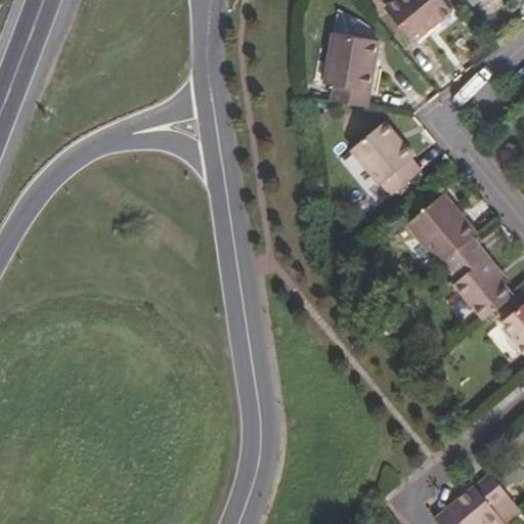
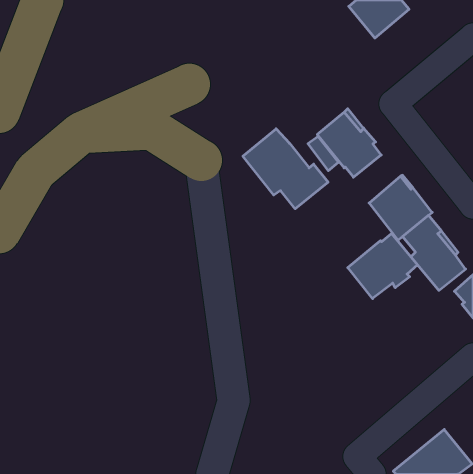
building: [323,32,379,107] -> none
building: none -> [243,129,328,209]
building: none -> [348,234,417,299]

